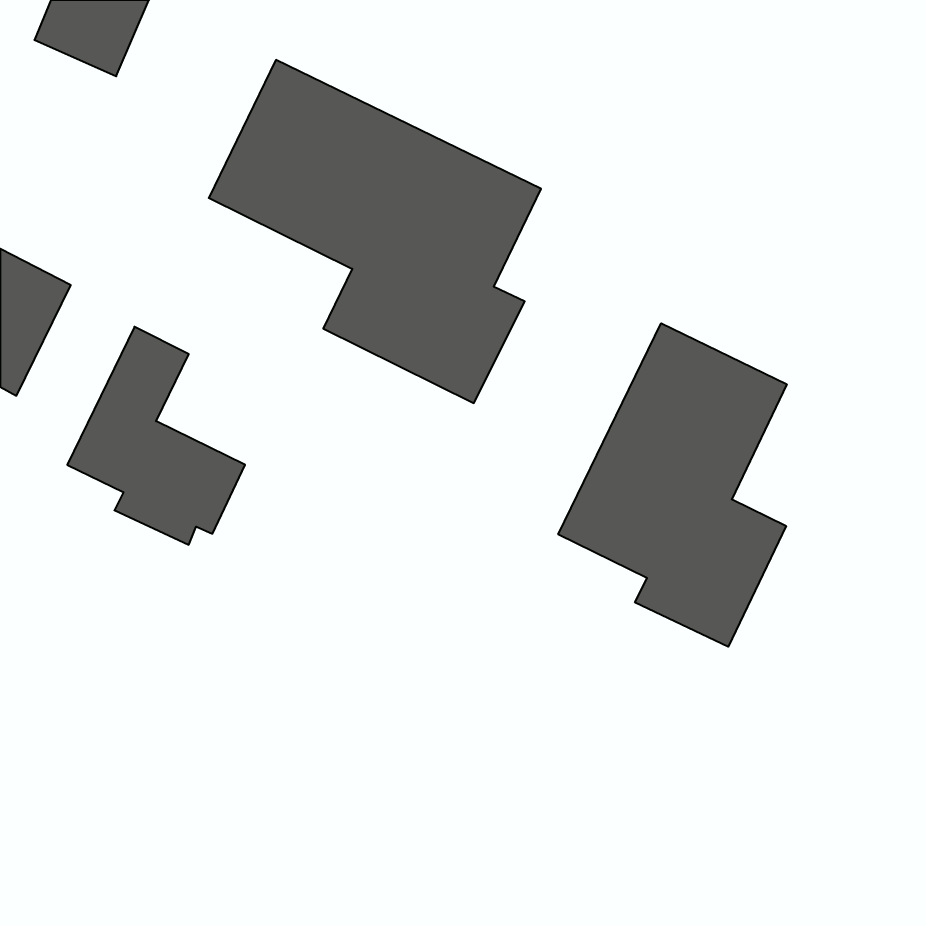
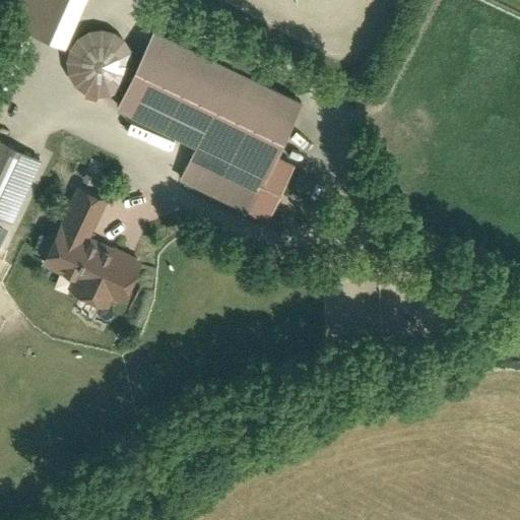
building: none -> [69,30,132,94]
building: [558,323,787,647] -> none

